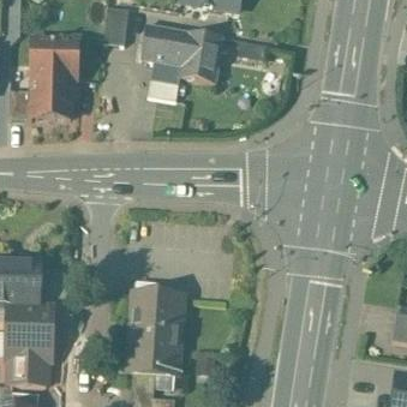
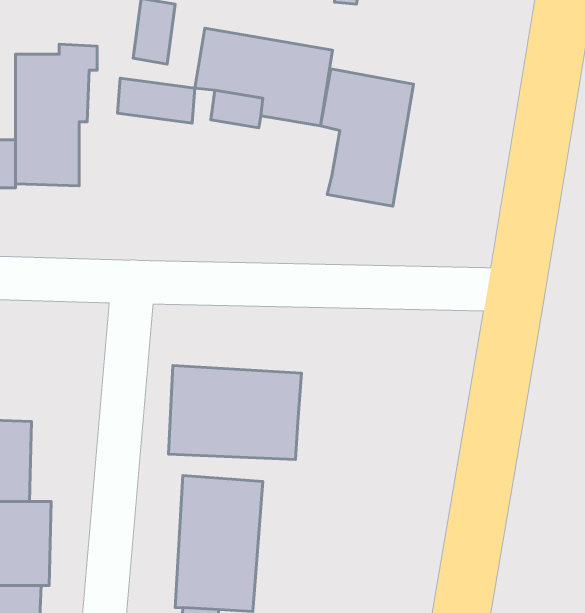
building: none -> [321,69,414,206]
building: none -> [117,78,195,123]
building: none -> [169,365,301,460]

